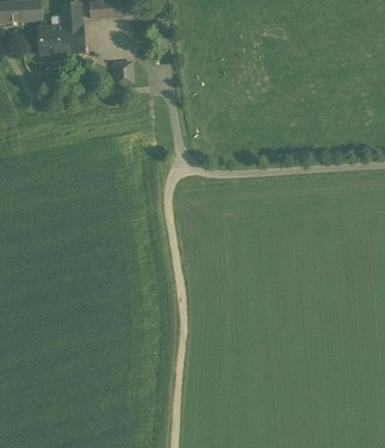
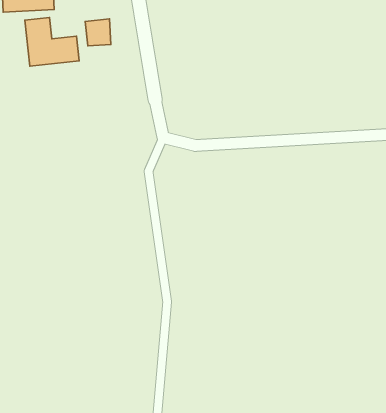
building: none -> [25,17,79,66]

